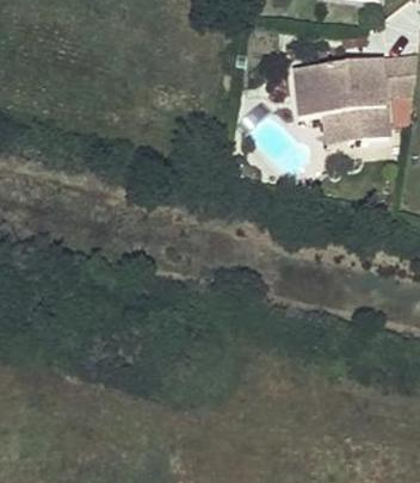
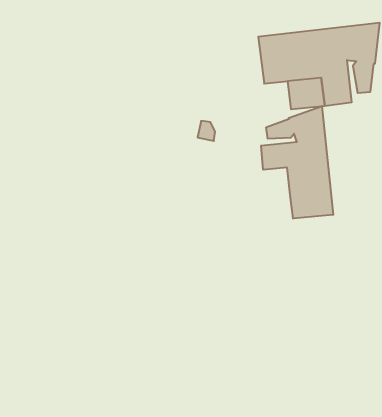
building: none -> [261,106,333,219]

